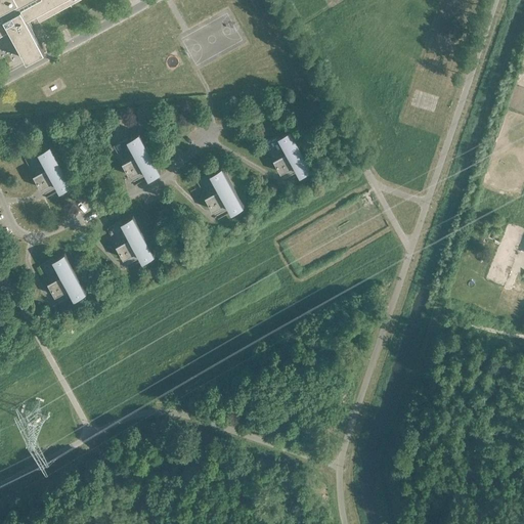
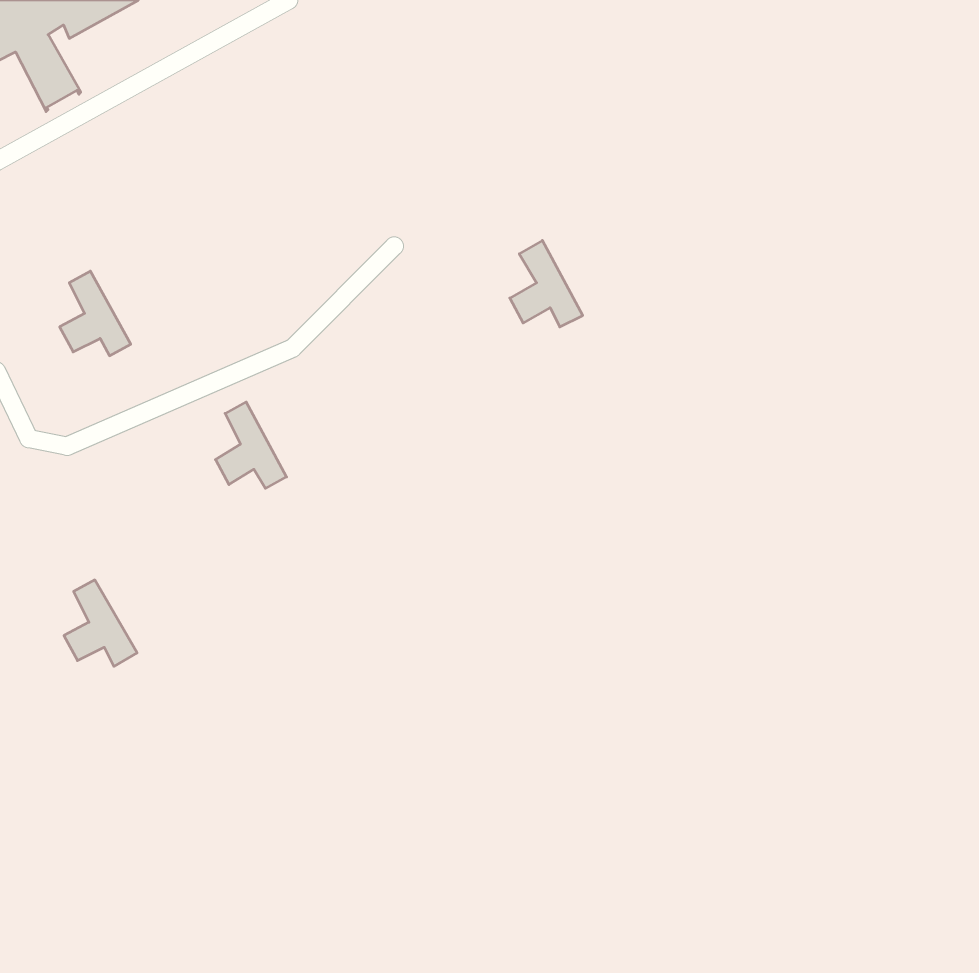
building: [121,136,159,182] -> none
building: [203,171,242,217] -> none
building: [46,257,85,303] -> [64,580,137,666]

